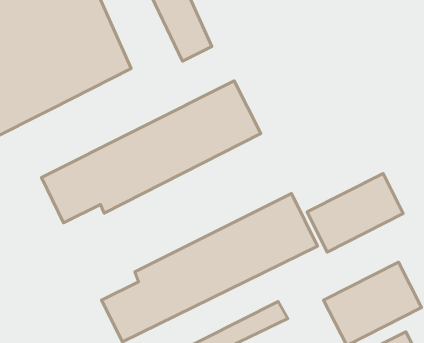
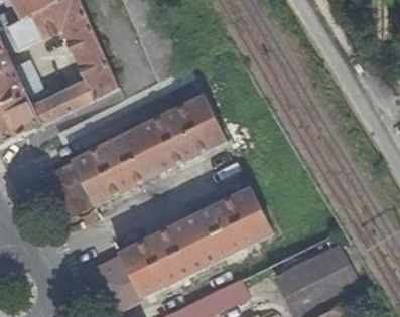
building: [307,173,403,252] -> none

